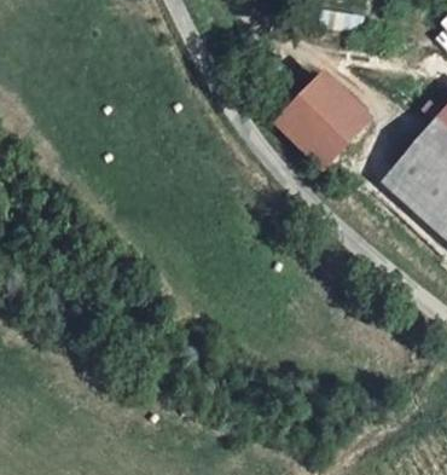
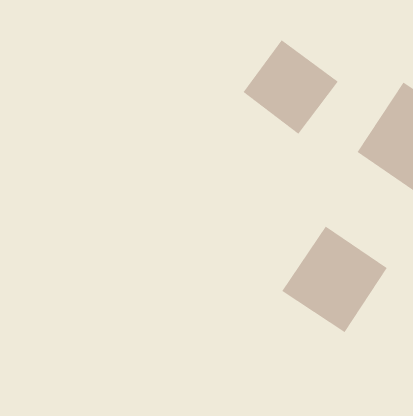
building: none -> [281,225,388,333]

